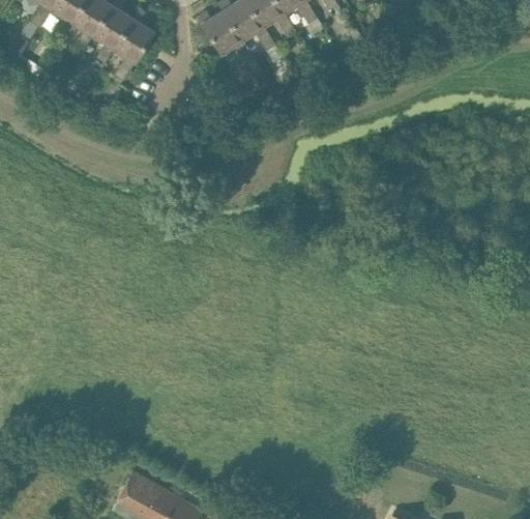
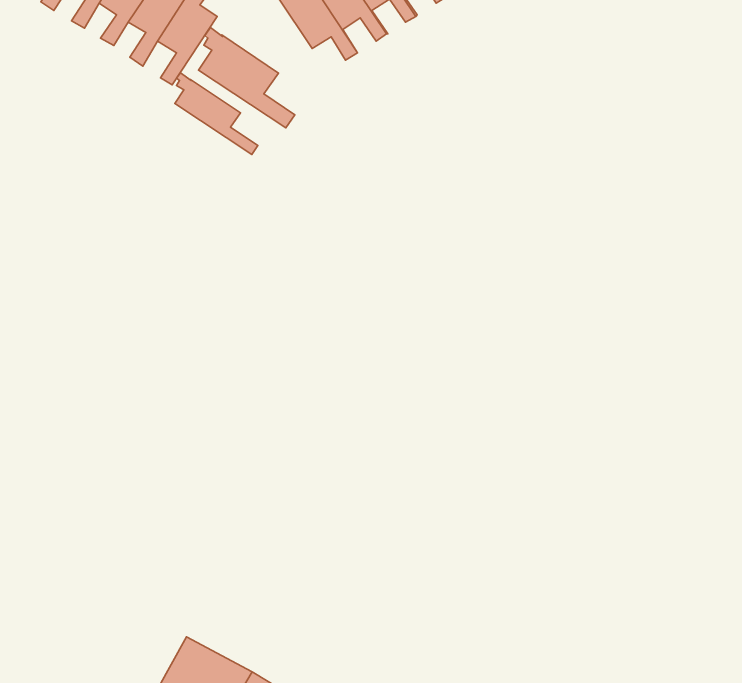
building: none -> [199,28,295,128]
building: none -> [175,73,258,154]

